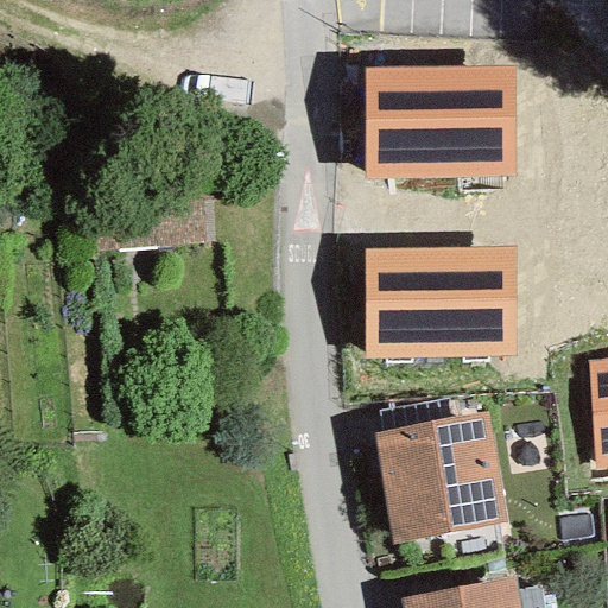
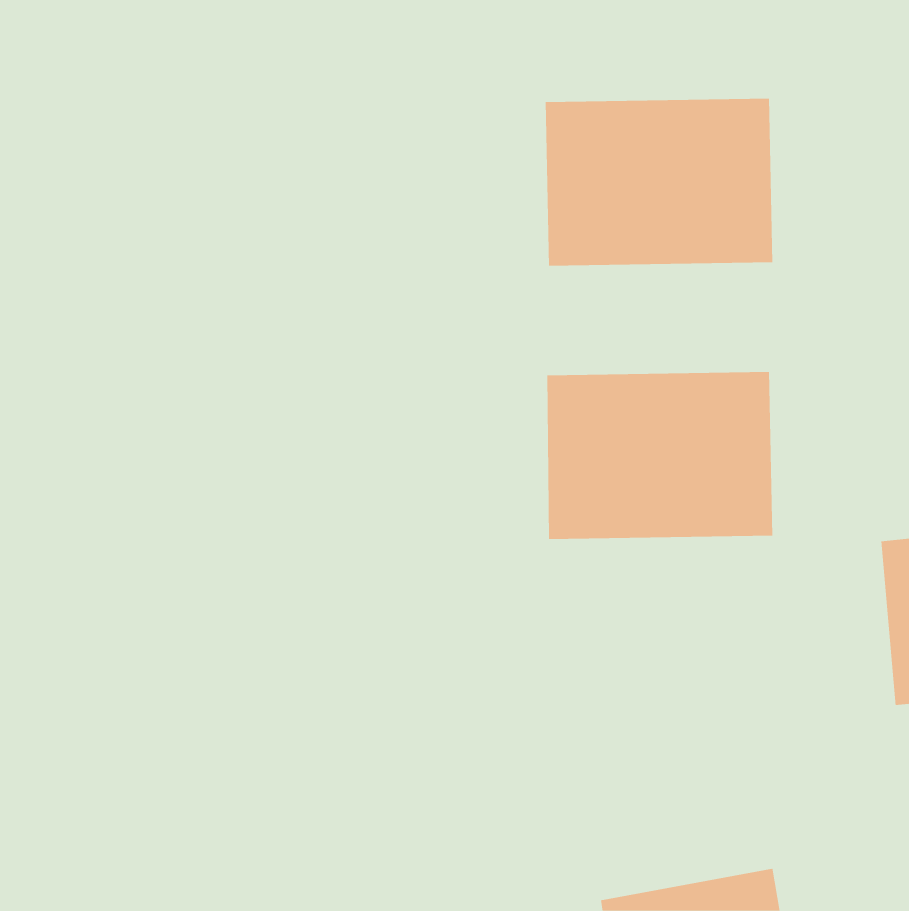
building: [376,412,506,544] -> none

